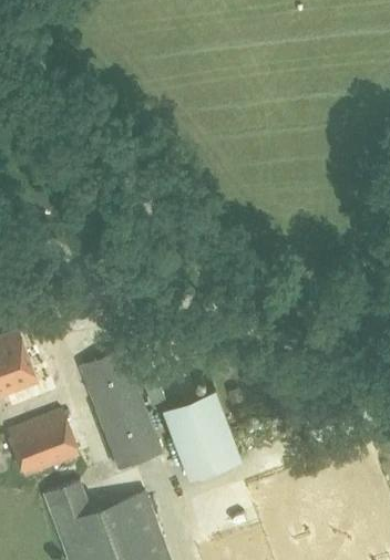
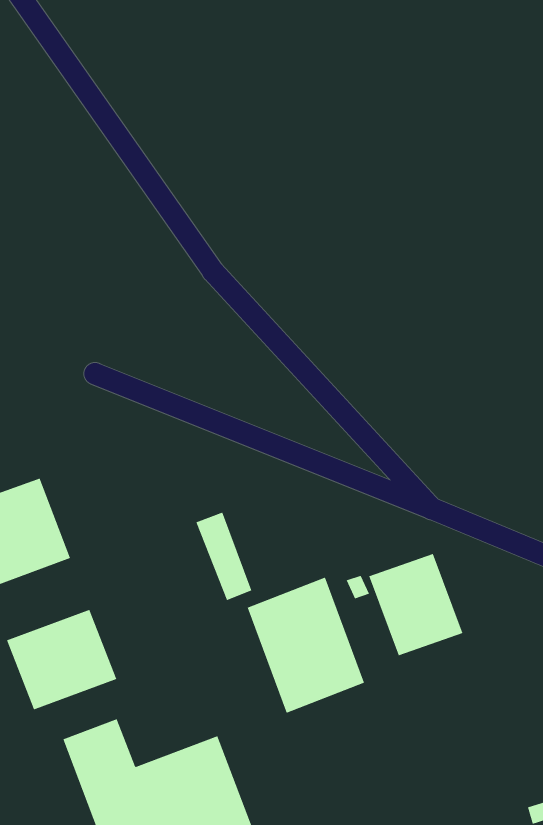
building: [80,351,161,469] -> none
building: none -> [369,553,463,656]

